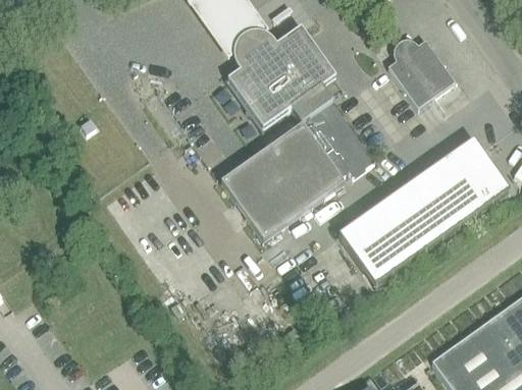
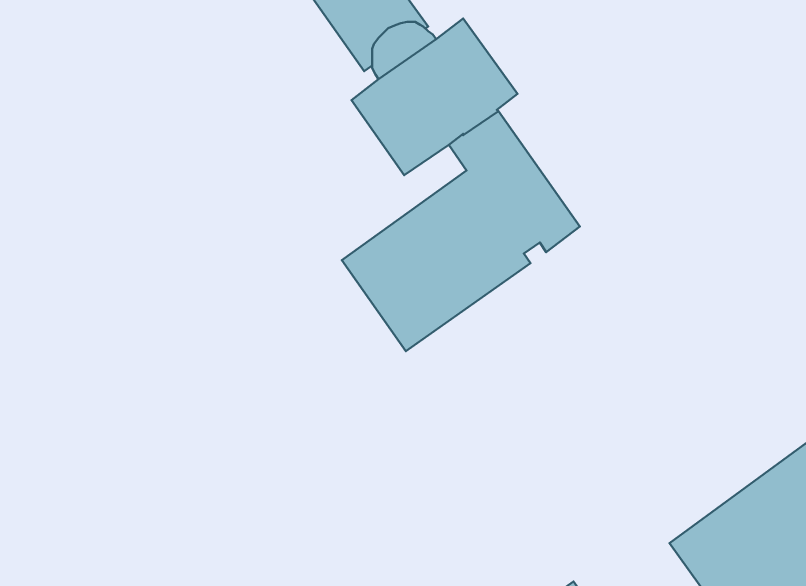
building: [388,35,456,104] -> none
building: [338,137,509,282] -> none

